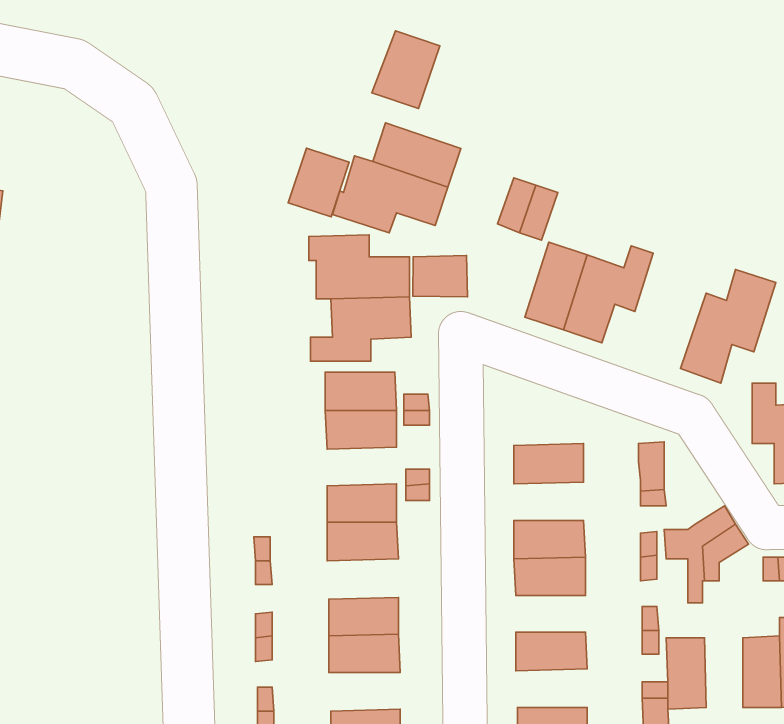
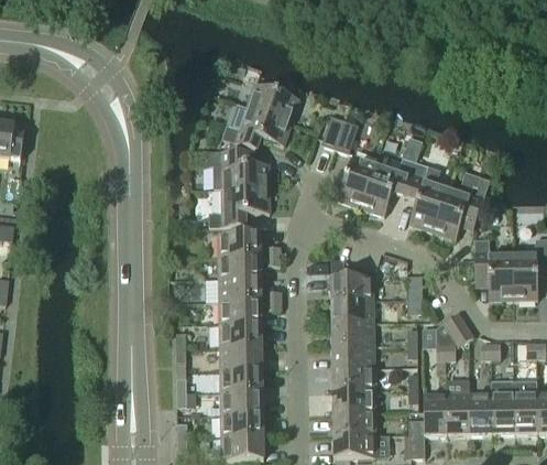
building: [372,31,440,109] -> none
building: [288,148,349,217] -> none
building: none -> [404,161,447,230]
building: [413,256,468,297] -> none
building: none -> [219,278,261,301]
building: none -> [331,299,373,322]
building: none -> [219,345,262,369]
building: none -> [332,367,374,389]
building: none -> [446,381,469,434]
building: none -> [332,411,375,434]
building: none -> [220,413,263,436]

